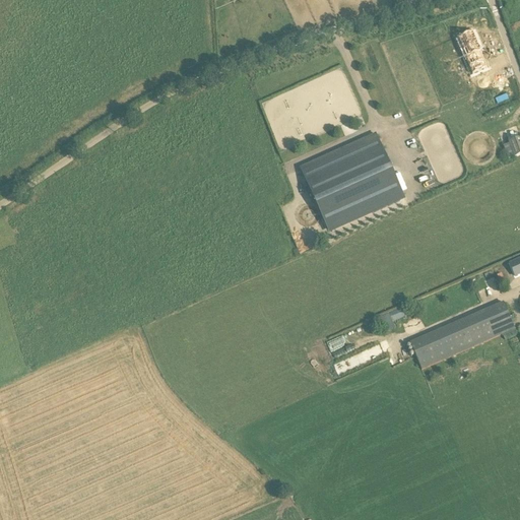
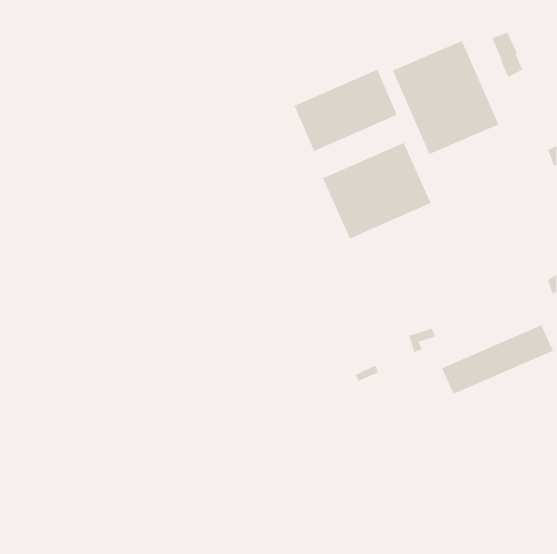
building: none -> [392,40,499,155]
building: none -> [294,69,398,152]

